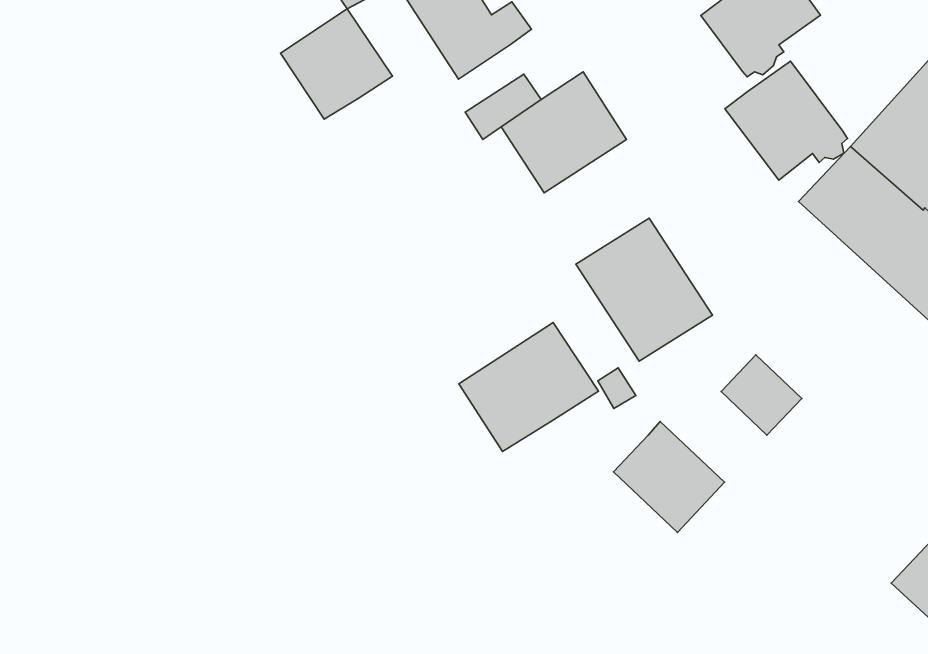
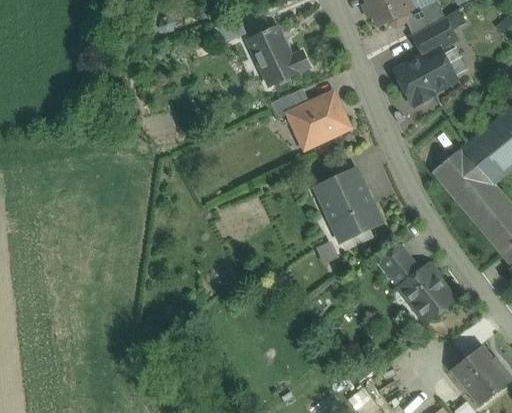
building: [281,9,393,119] -> none
building: [725,61,848,180] -> none
building: [459,323,599,452] -> none
building: [613,421,724,533] -> [400,264,455,321]

